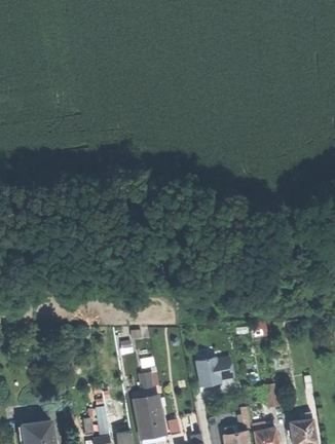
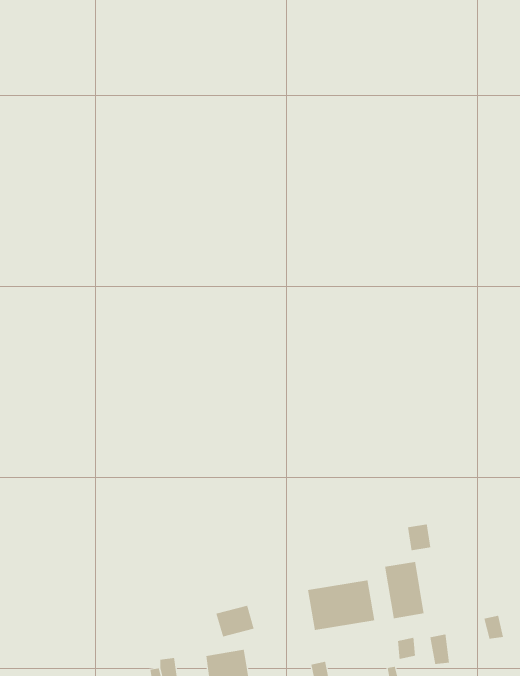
building: none -> [385,561,424,619]

